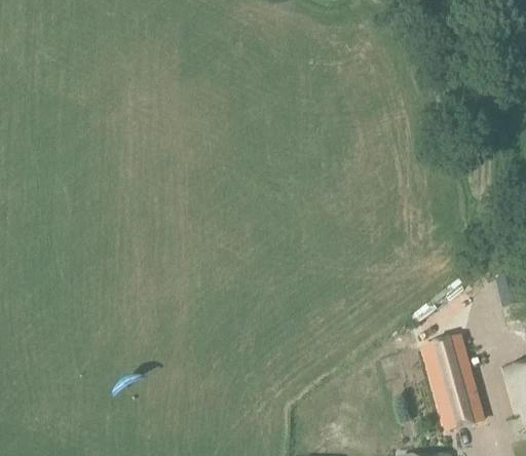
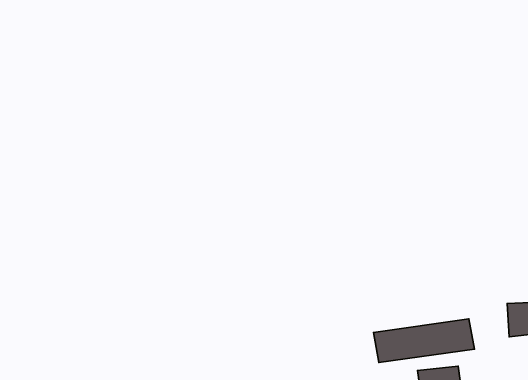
building: none -> [373,319,475,363]

